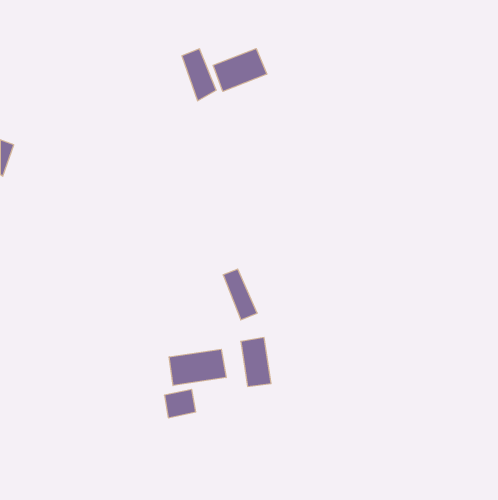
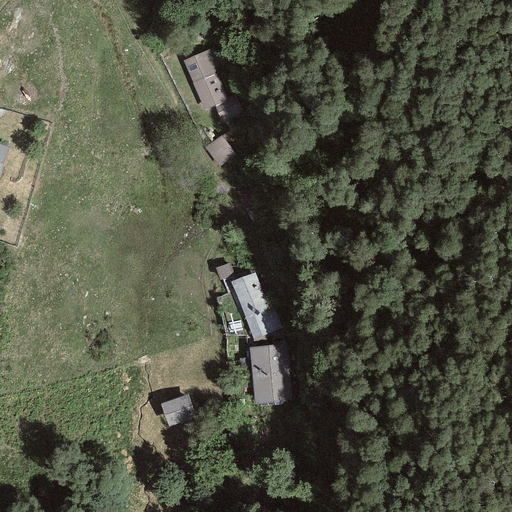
building: [213,49,267,91] -> none
building: [169,349,226,386] -> none

